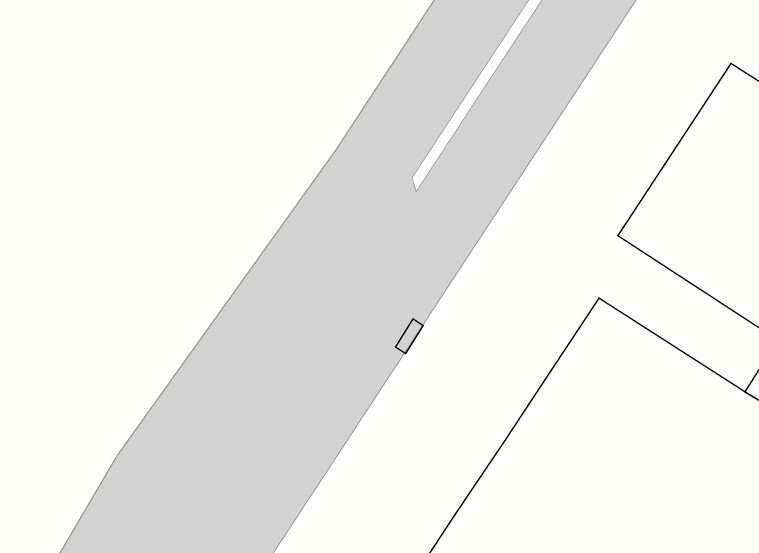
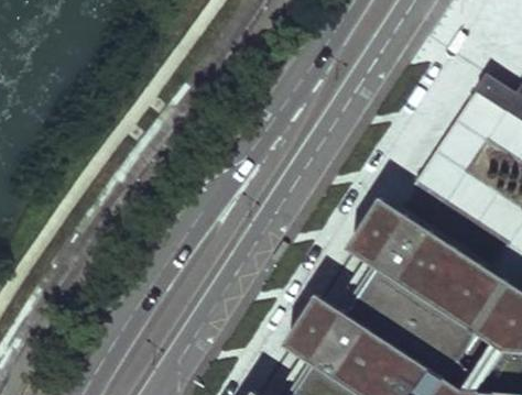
building: none -> [349,201,406,270]
building: none -> [289,298,344,362]

